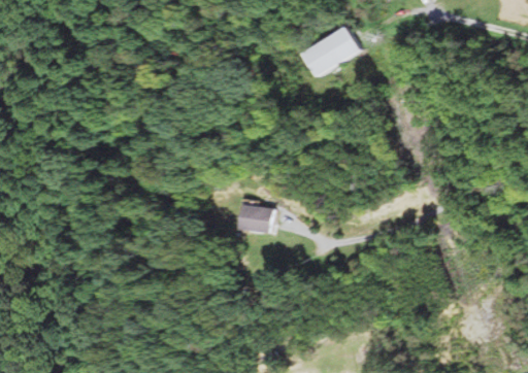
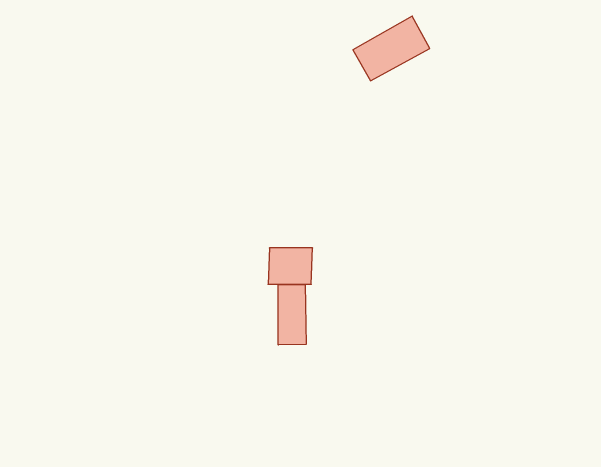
building: none -> [278,285,306,345]

